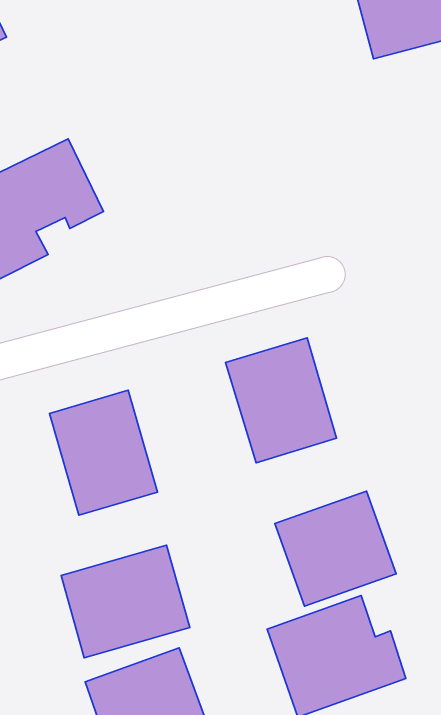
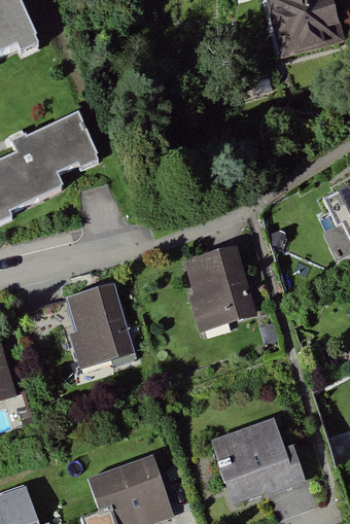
building: [275,491,396,606] -> none
building: [61,545,190,658] -> none

